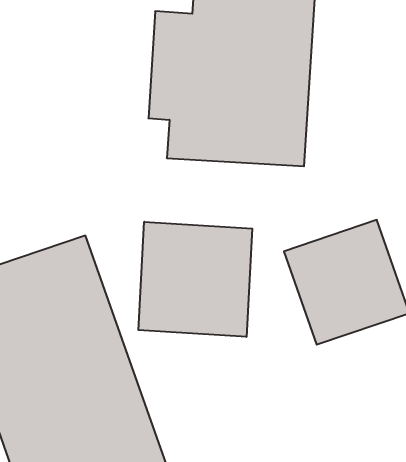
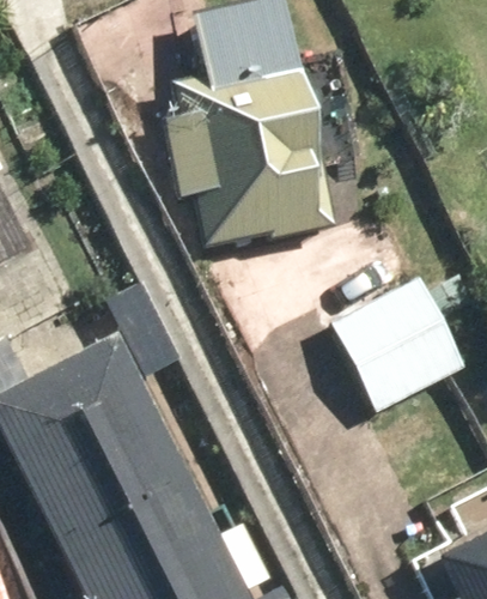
building: [138,222,252,337] -> none

